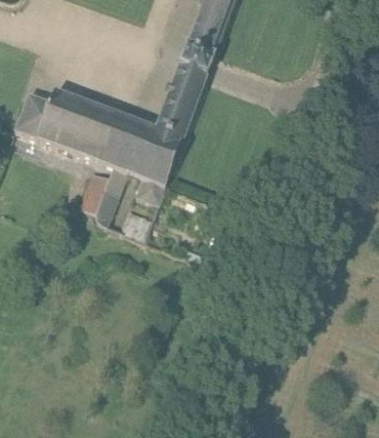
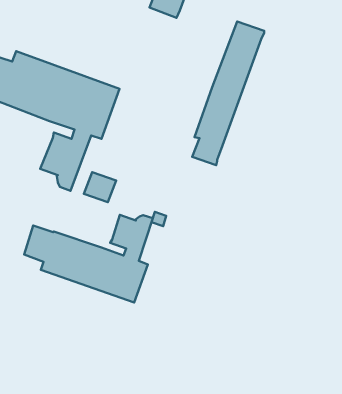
building: [136,61,207,202] -> [192,21,264,165]
building: none -> [24,215,153,302]

